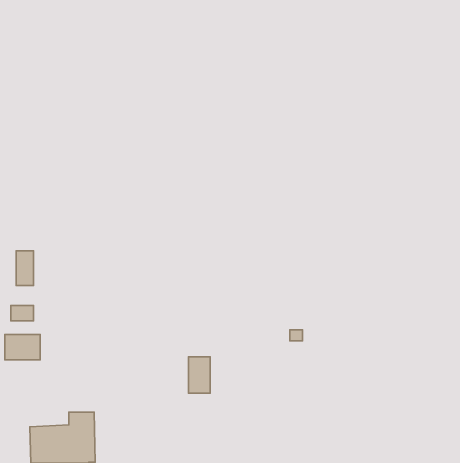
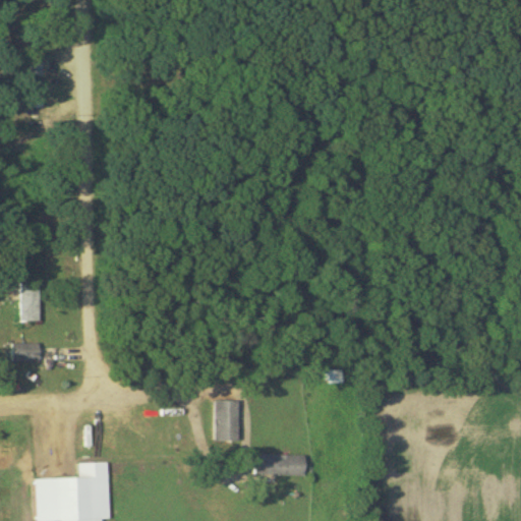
building: [5,335,40,360] -> none
building: none -> [256,455,304,475]

